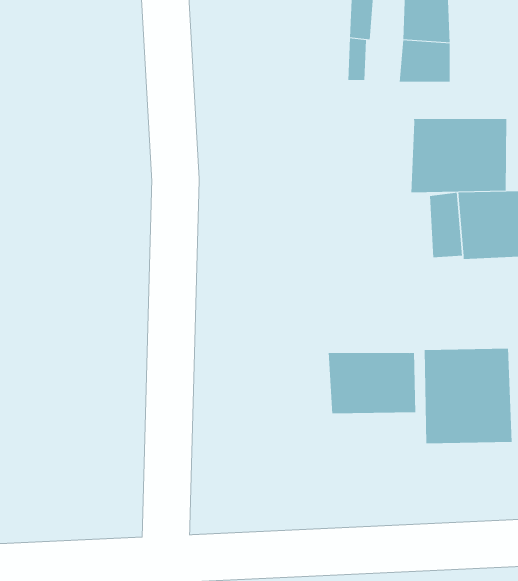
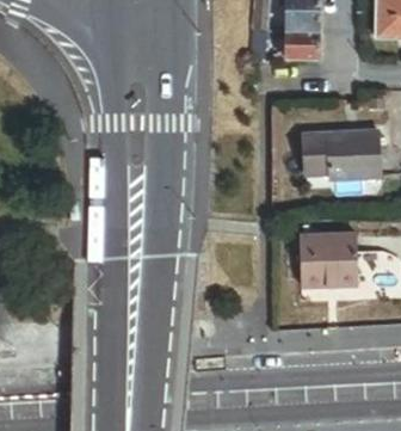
building: [411,118,507,193] -> none
building: [328,352,416,414] -> none

